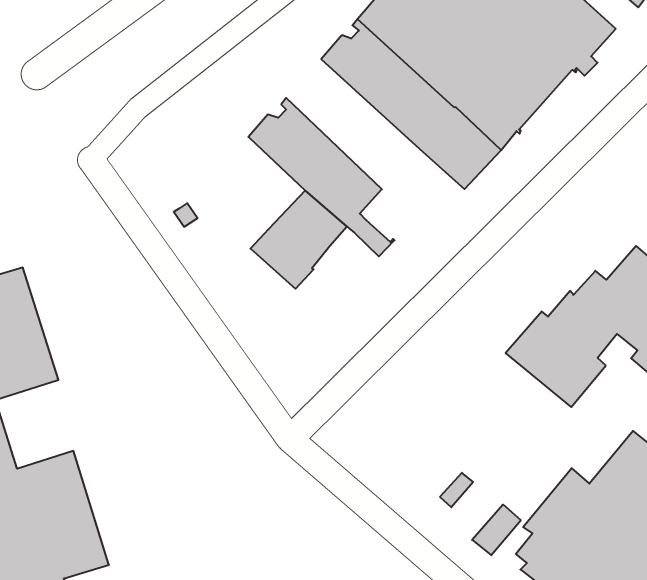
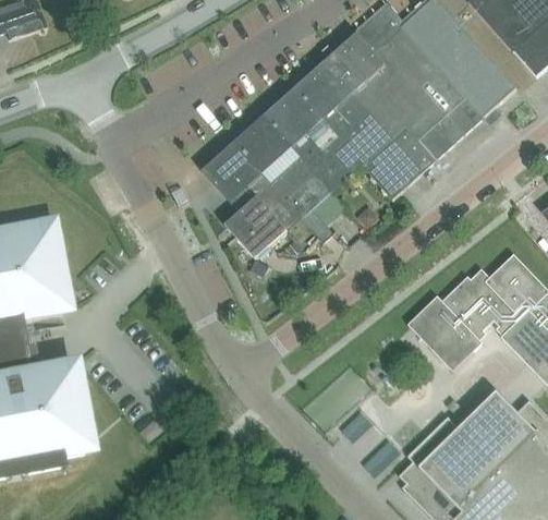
building: none -> [264,88,361,191]
building: none -> [200,142,271,211]

